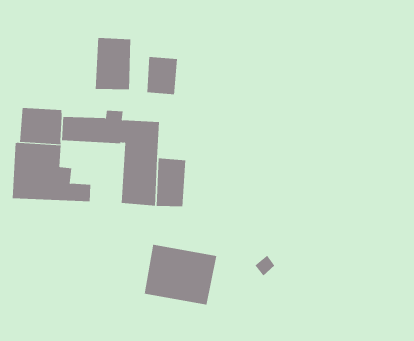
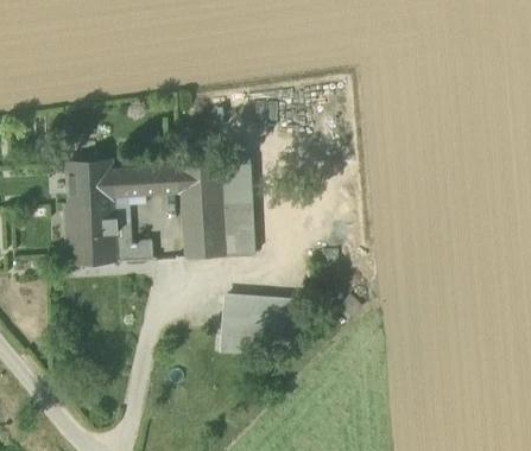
building: [95,37,131,90] -> none
building: [147,57,178,95] -> [217,163,251,203]

